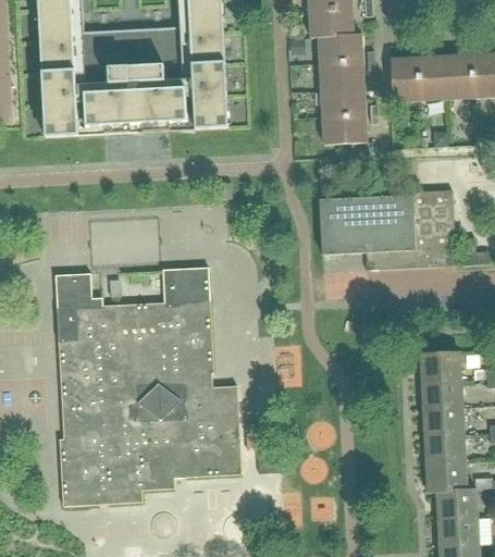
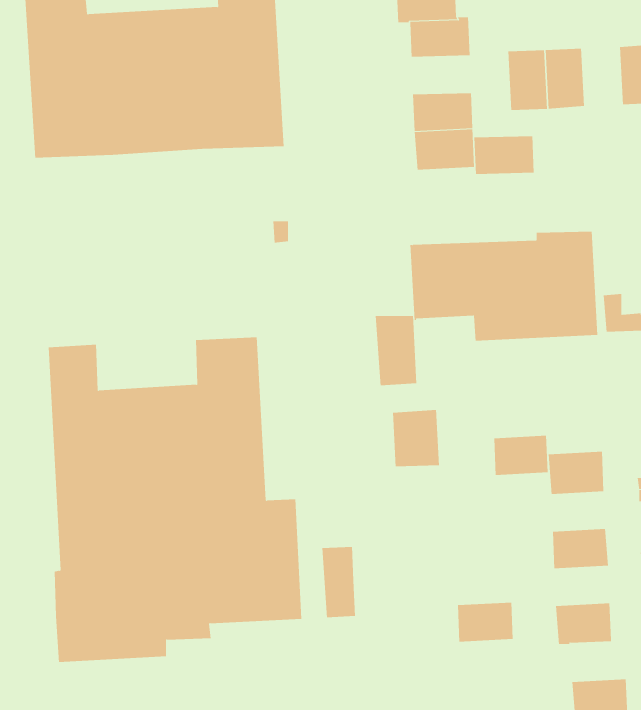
building: [445,54,474,98] -> none
building: [320,61,364,89] -> [474,136,535,174]
building: none -> [375,315,417,386]
building: none -> [393,409,439,467]
building: [422,380,462,409] -> [493,435,548,475]
building: [424,434,466,463] -> [457,602,514,642]
building: [436,488,478,519] -> none

